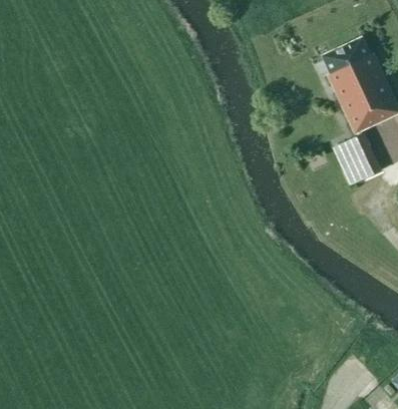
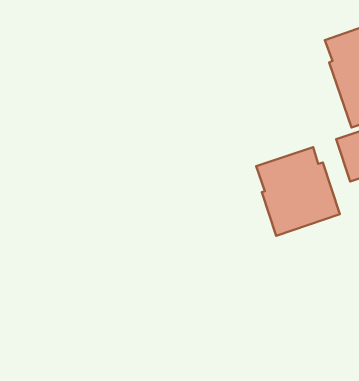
building: none -> [256,147,340,236]

